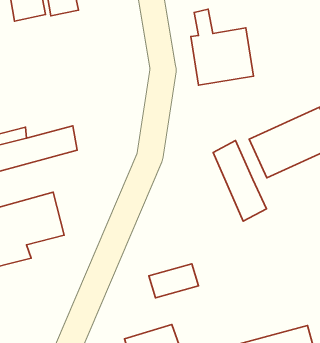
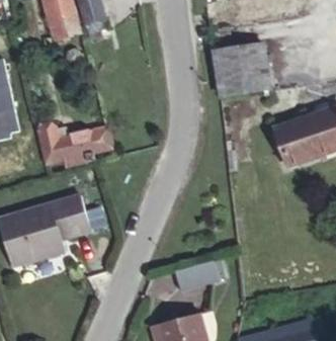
building: [213,141,266,221] -> none

